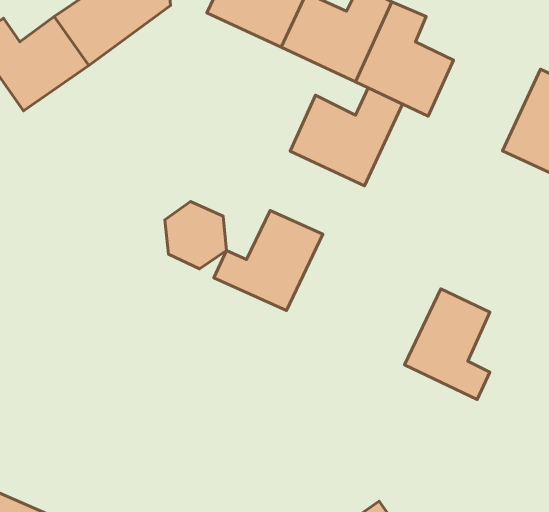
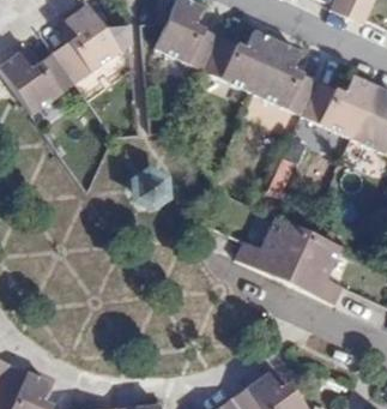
building: [290,88,403,186] -> [301,74,375,139]
building: [214,211,323,310] -> [237,215,309,281]

